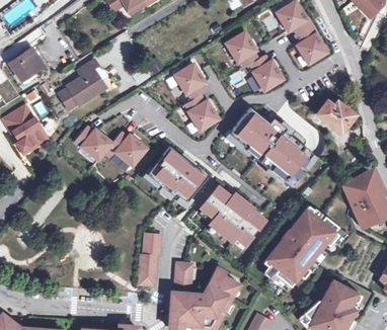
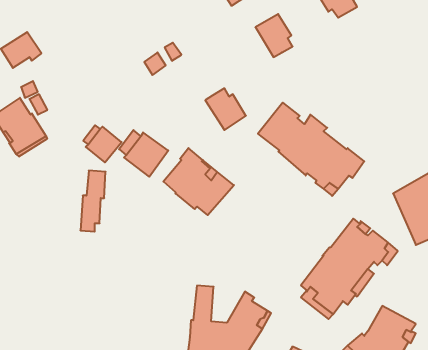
building: [296,26,326,63] -> none
building: [248,56,283,90] -> none
building: [59,60,108,107] -> none
building: [174,64,206,101] -> none
building: [316,100,356,133] -> none
building: [201,186,265,245] -> none
building: [139,233,160,284] -> [80,171,106,232]

